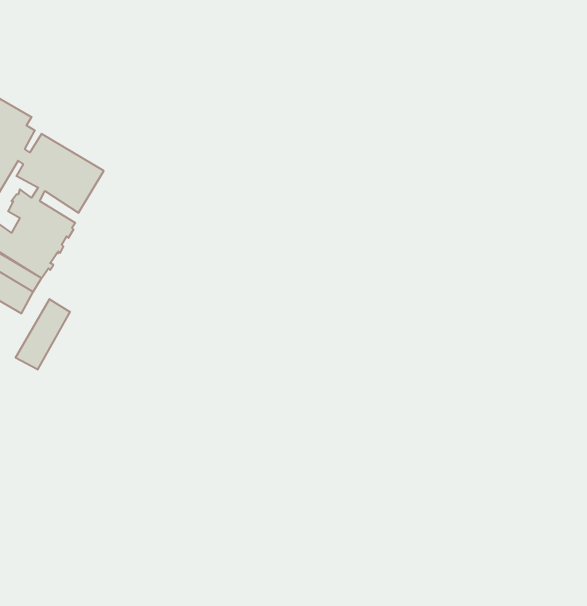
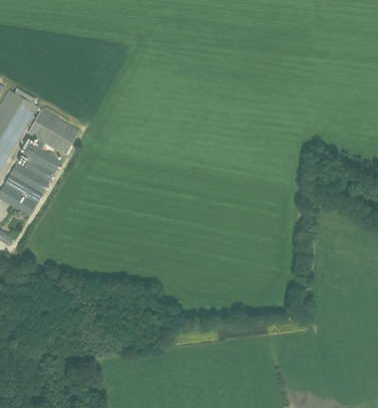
building: [16,299,70,370] -> none

